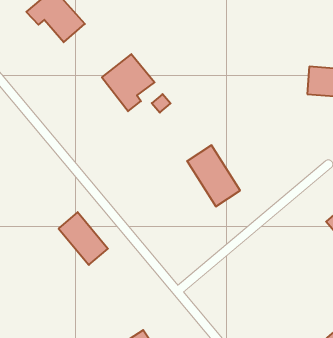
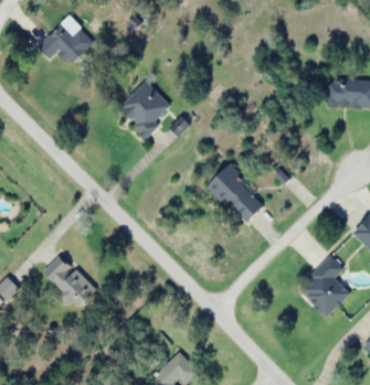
building: [59,212,108,265] -> [41,253,92,304]
building: none -> [298,256,350,317]

